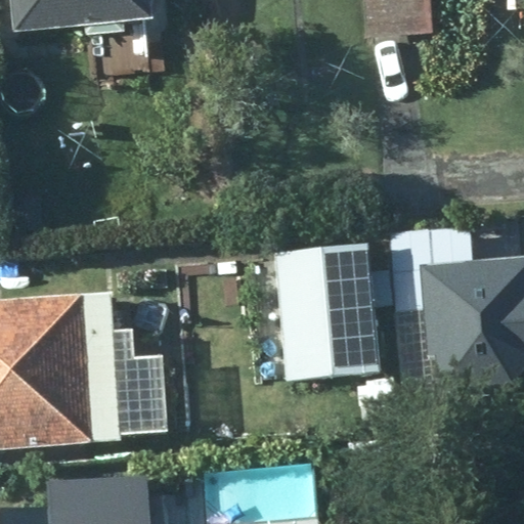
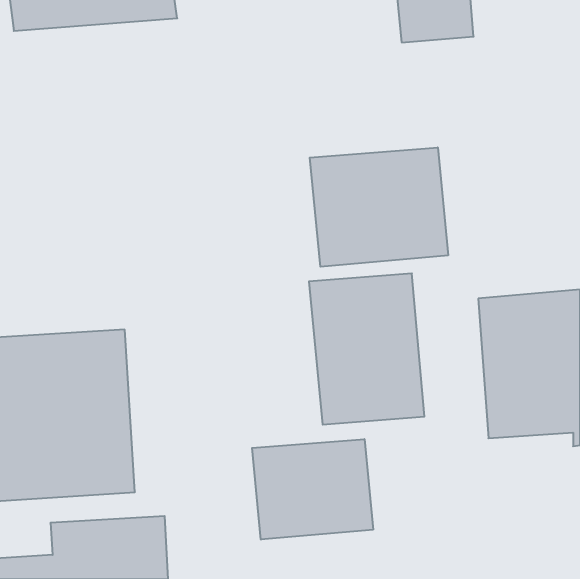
building: none -> [310,147,448,267]
building: none -> [252,439,373,540]

